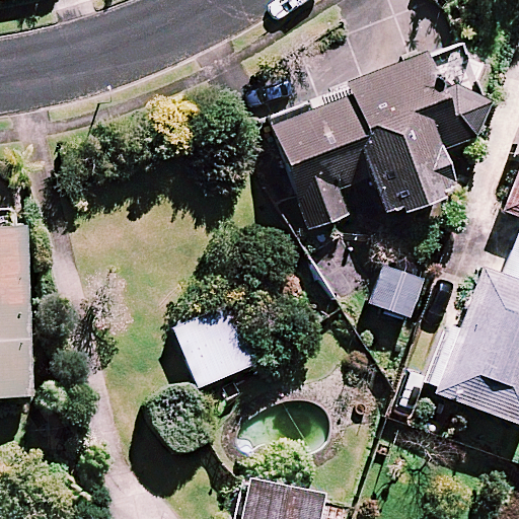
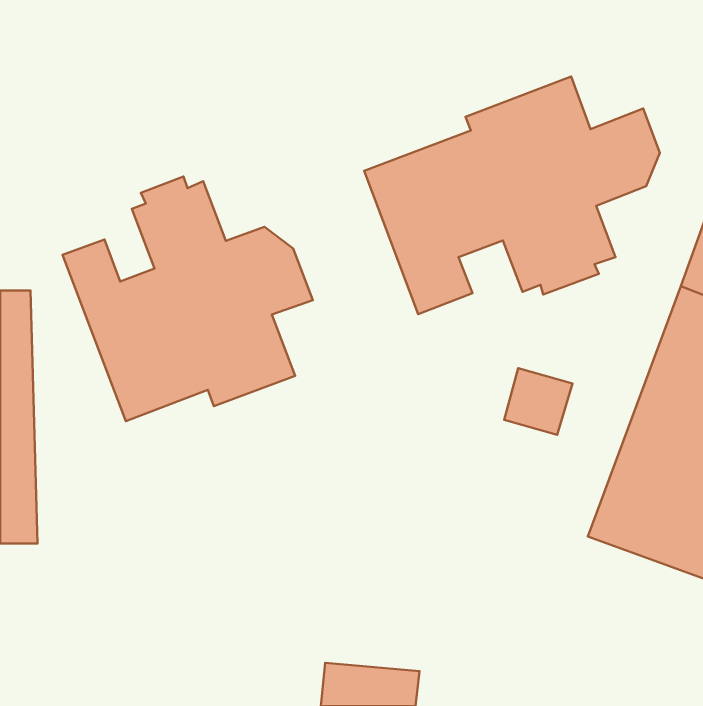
building: none -> [63,176,313,421]
building: [177,304,258,384] -> none

